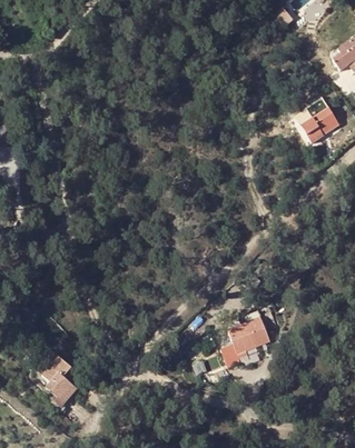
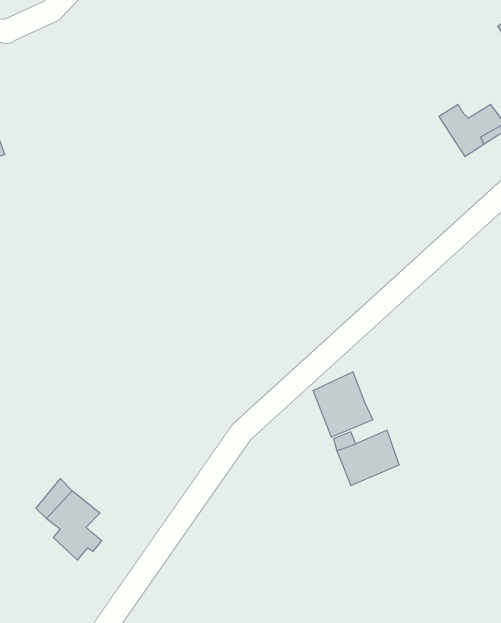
building: none -> [313,372,373,437]

